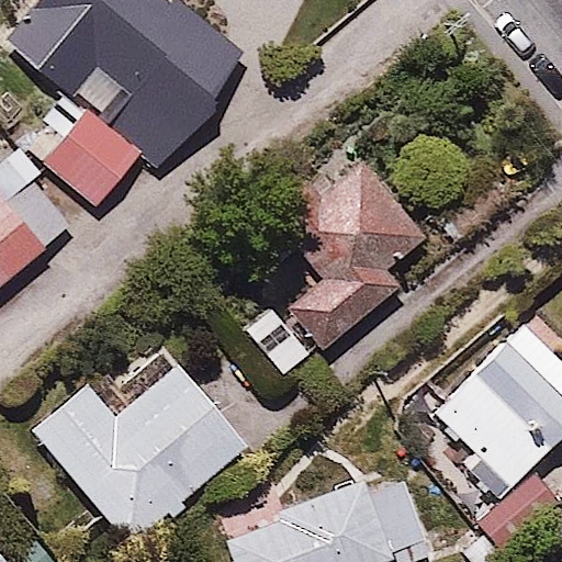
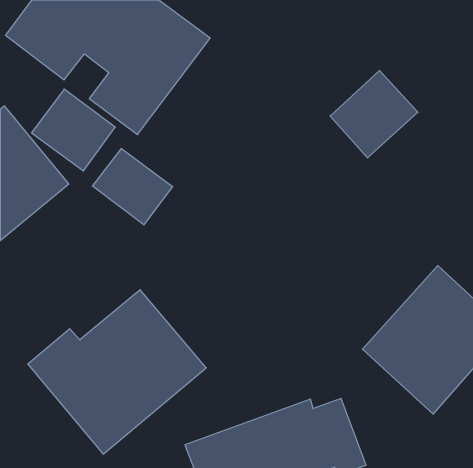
building: none -> [330,71,418,158]
building: [261,143,426,351] -> none
building: none -> [92,148,173,225]

